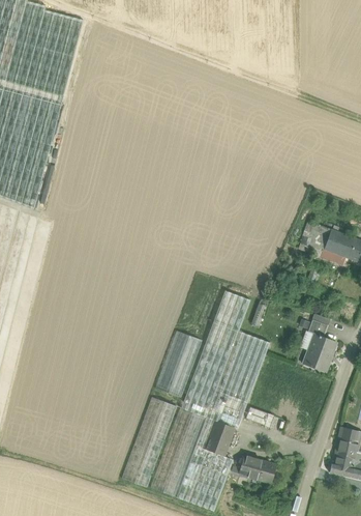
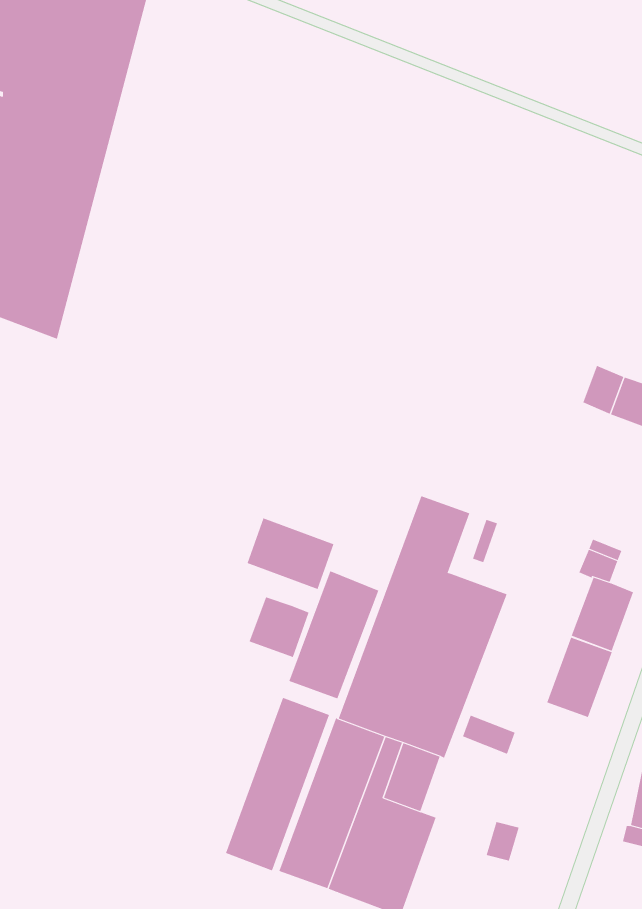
building: none -> [247,518,334,590]
building: none -> [249,597,310,658]
building: none -> [546,637,613,718]
building: [232,455,264,479] -> none

